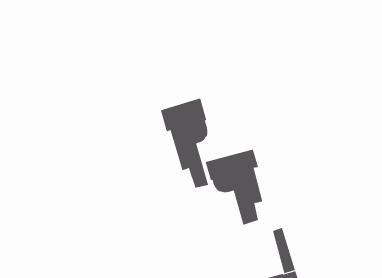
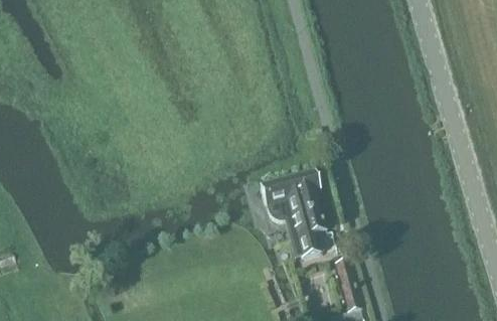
building: [160,98,209,188] -> none

